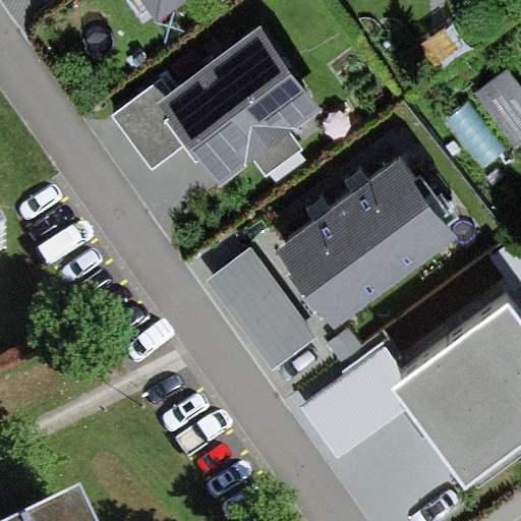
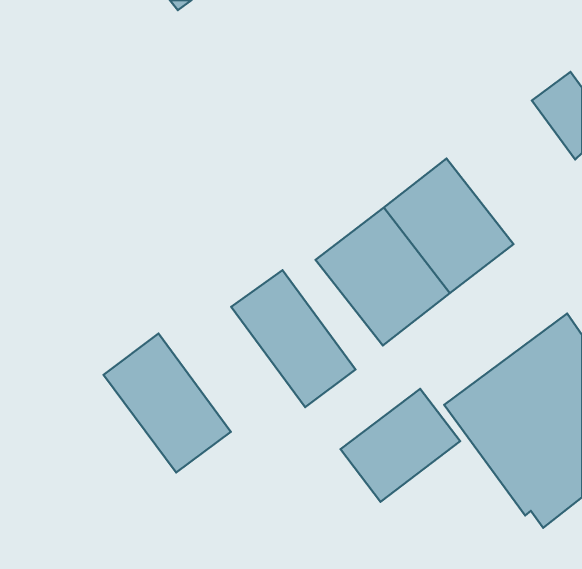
building: [108,27,321,180] -> none
building: none -> [104,333,231,472]

